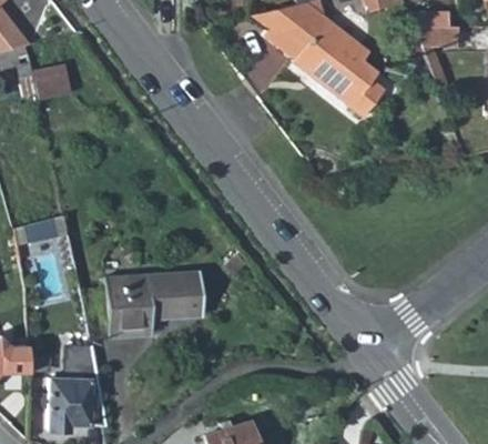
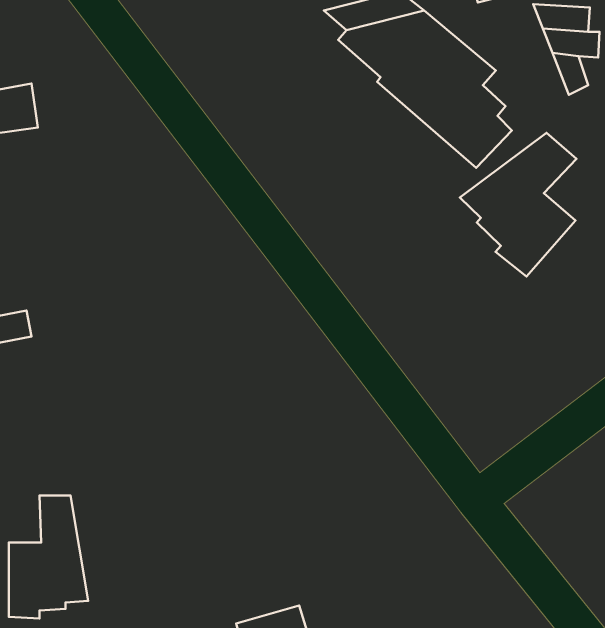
building: none -> [460,133,576,277]
building: [101,270,199,335] -> none

